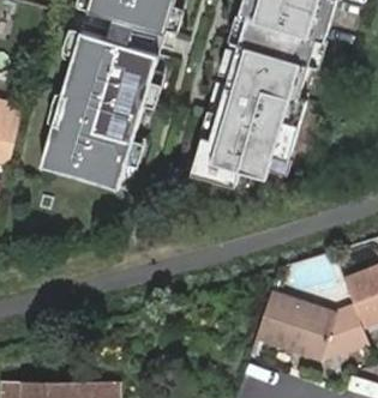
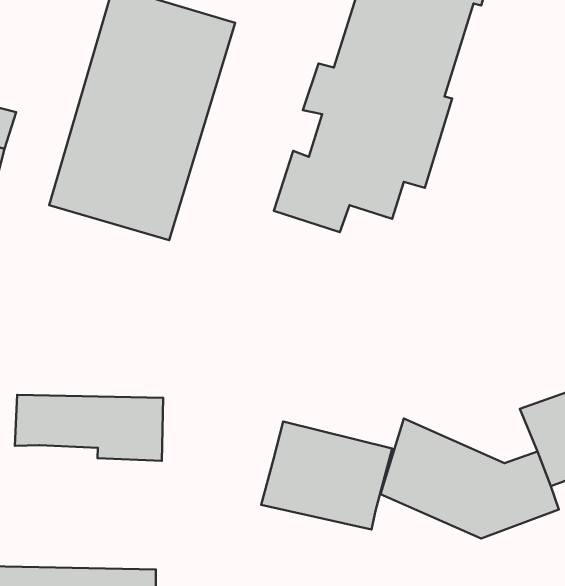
building: none -> [15,395,163,461]
building: none -> [261,422,392,530]

